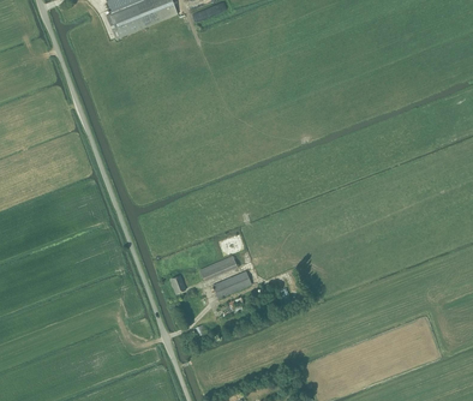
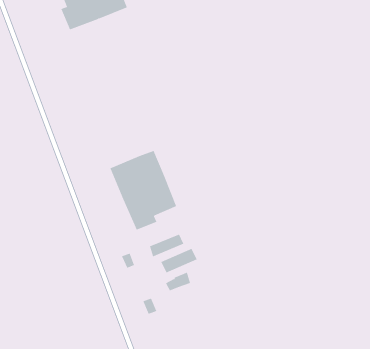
building: none -> [109,150,177,231]

